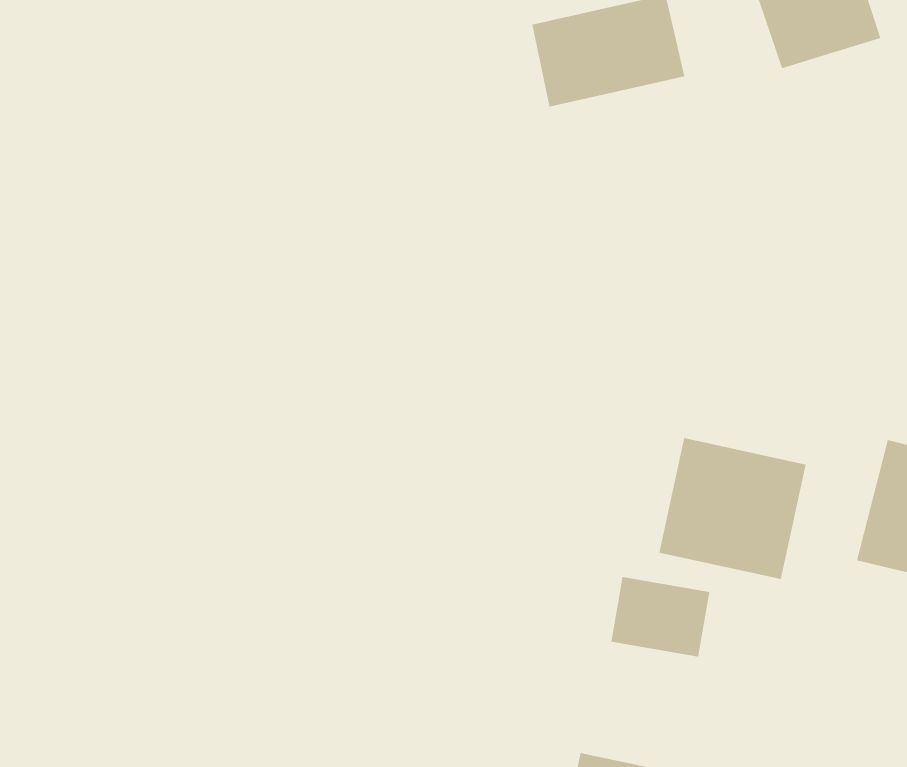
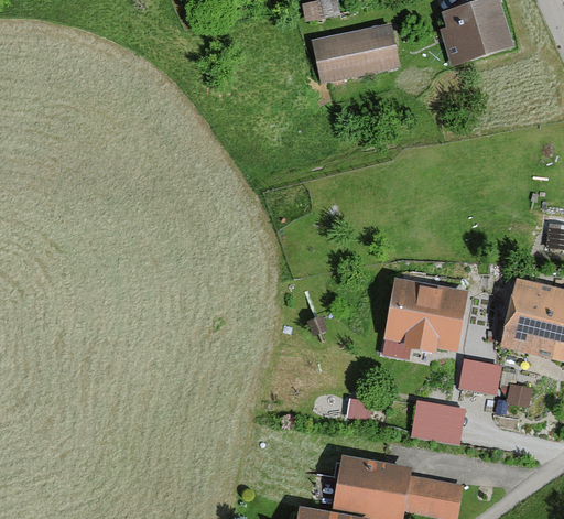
building: none -> [462,356,503,392]
building: [610,576,710,657] -> [411,398,468,444]

